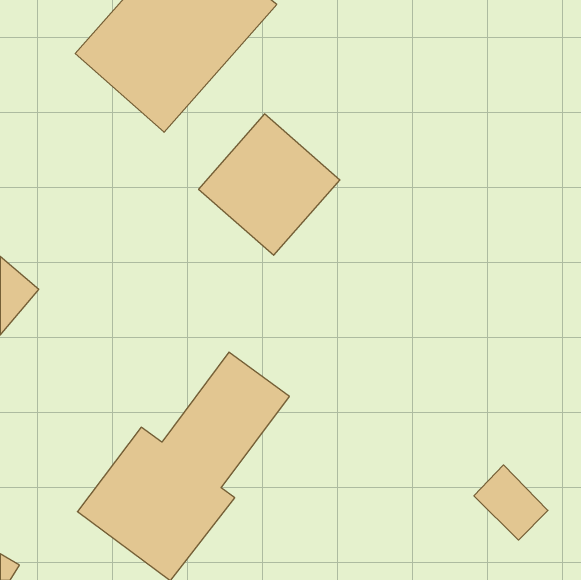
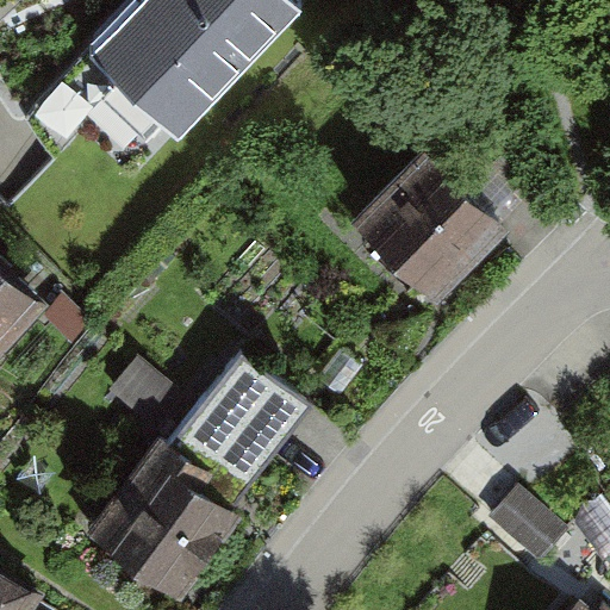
building: [199,114,340,255] -> [342,152,490,300]

